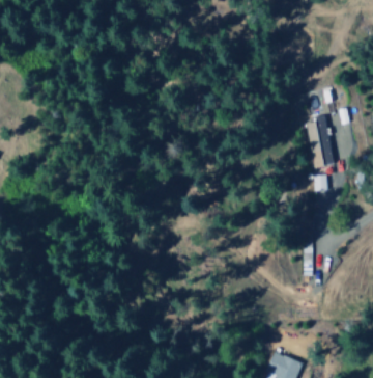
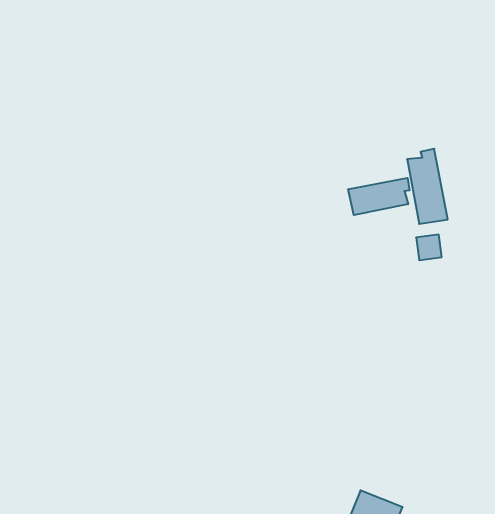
building: none -> [348,178,410,215]

